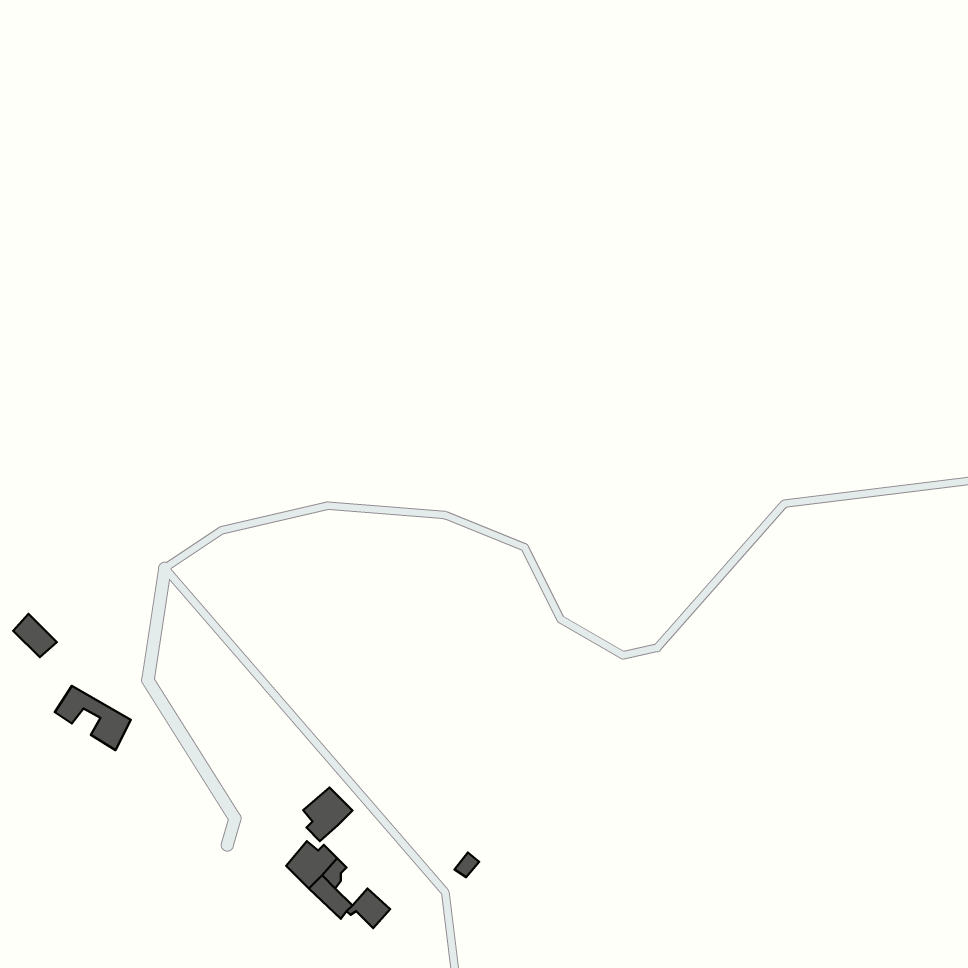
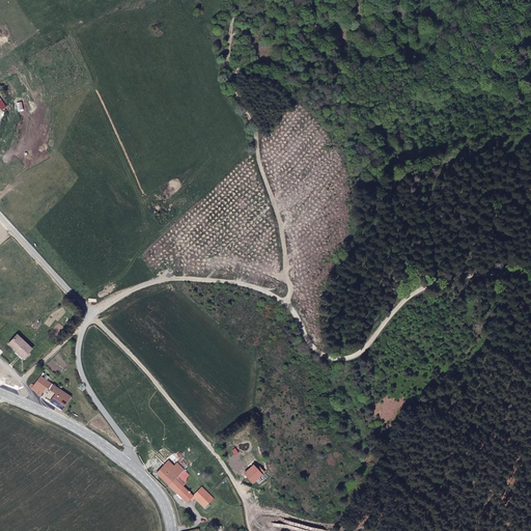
building: [303,787,352,841] -> none

